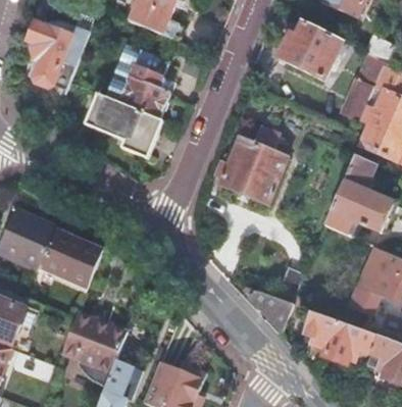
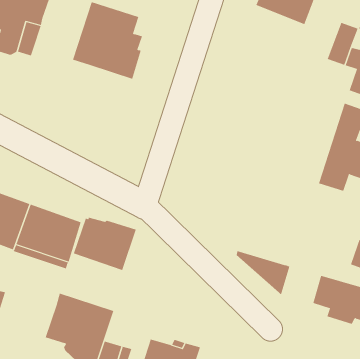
building: [84,94,162,158] -> none
building: [216,126,290,204] -> none
building: none -> [73,217,137,271]

